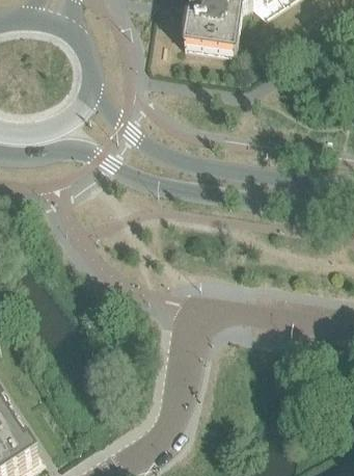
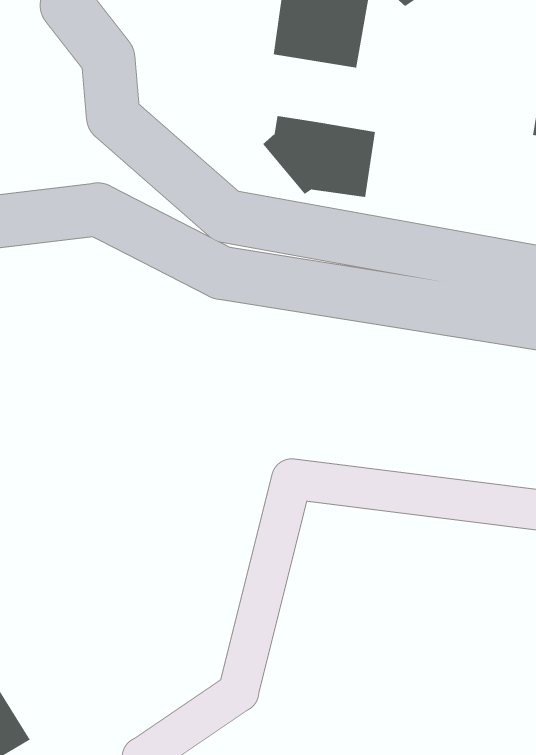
building: none -> [262,115,376,198]

